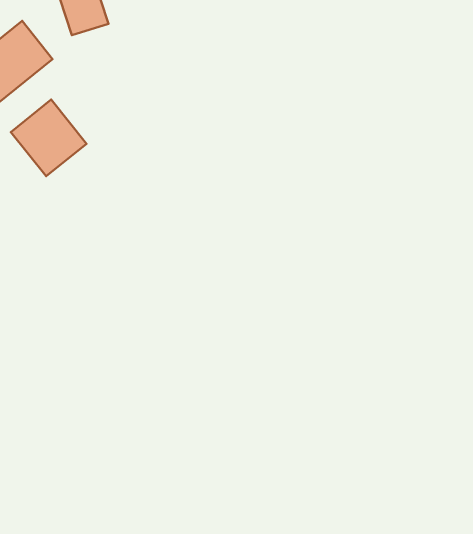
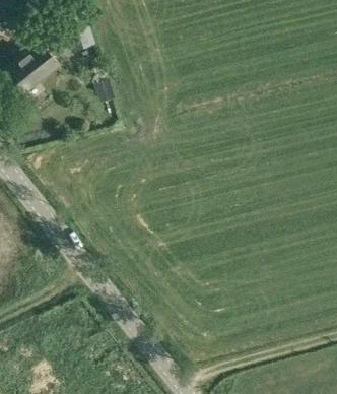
building: [11,100,86,176] -> none

